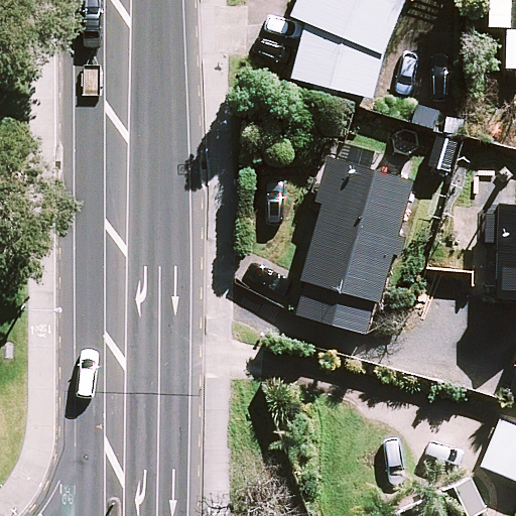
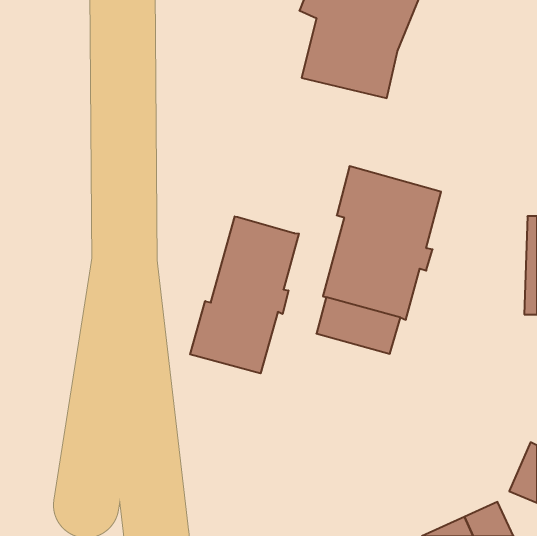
building: none -> [190,216,299,373]

